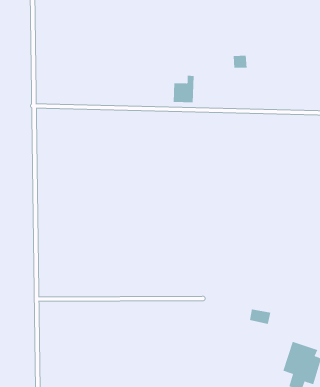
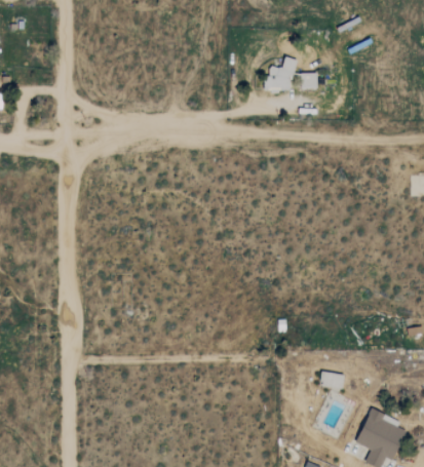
building: [173,75,195,103] -> [267,57,293,90]

